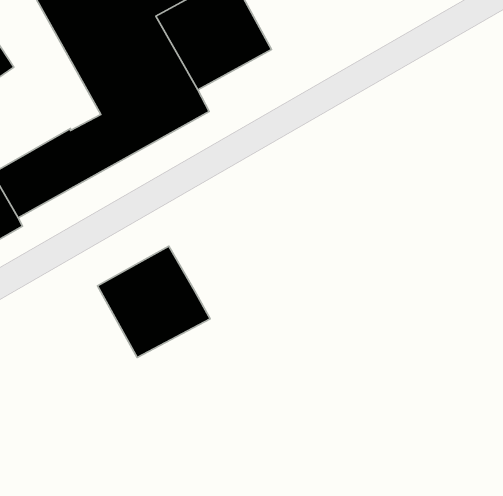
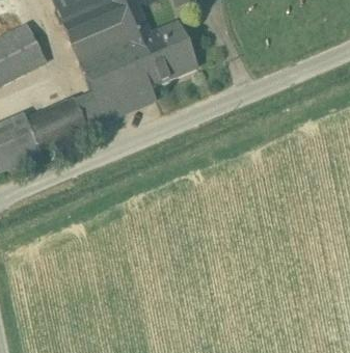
building: [97,246,210,357] -> none

